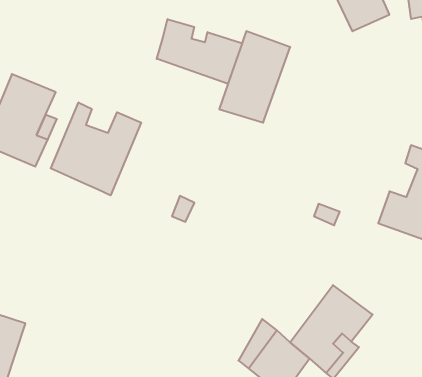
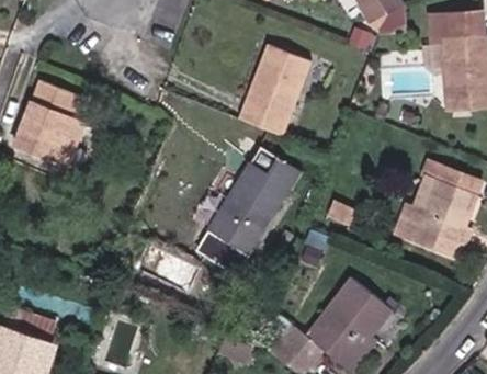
building: [157,19,242,84] -> none
building: [51,102,141,195] -> none
building: none -> [202,137,303,268]

